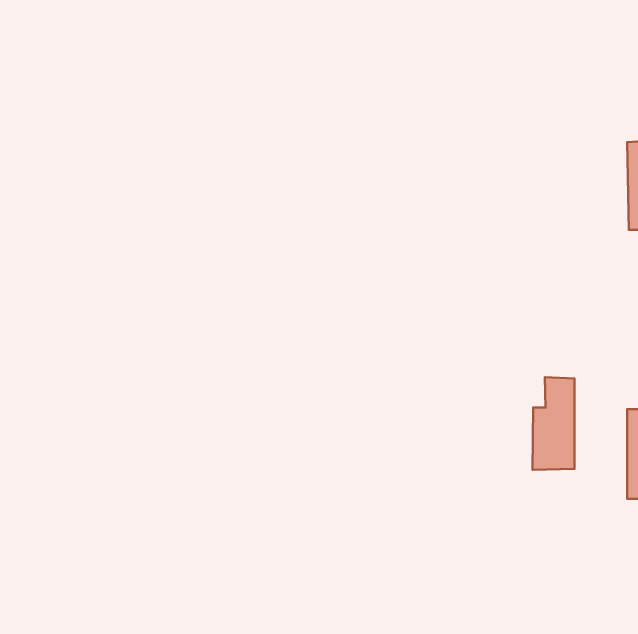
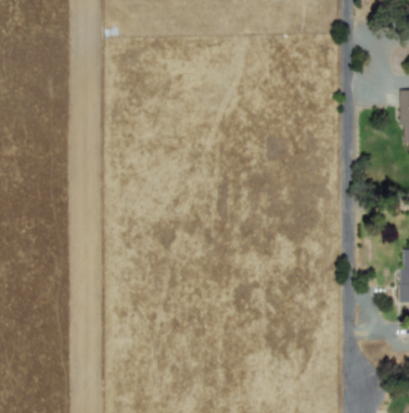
building: [533,377,575,470] -> none

